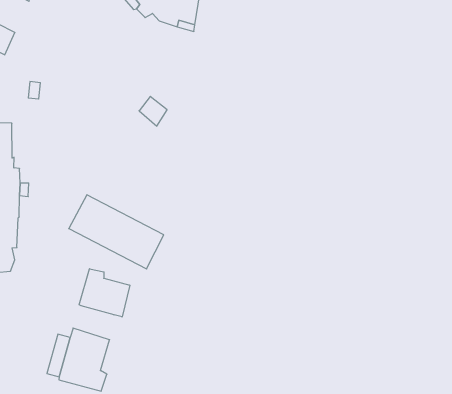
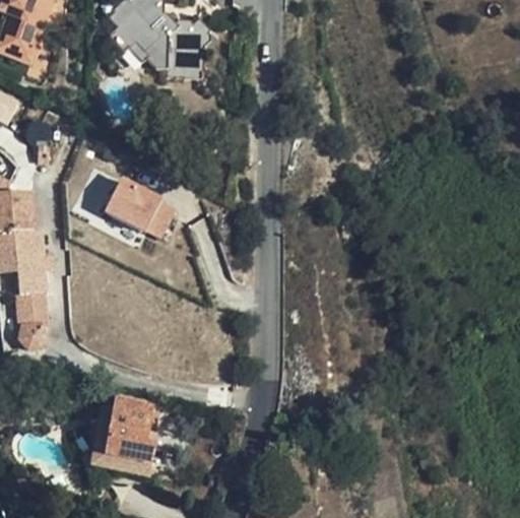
building: [69,195,164,269] -> [78,168,179,239]
building: [79,269,130,317] -> none

